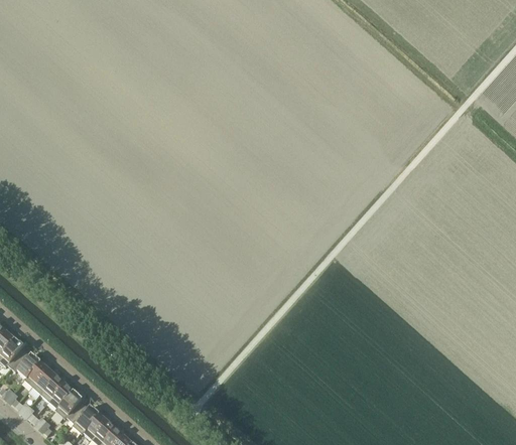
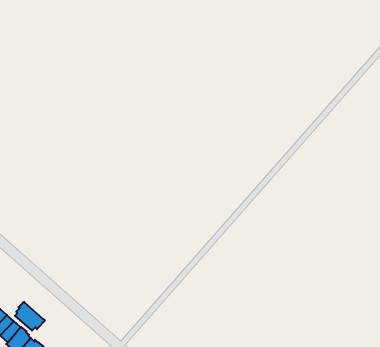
building: none -> [15,302,45,331]

